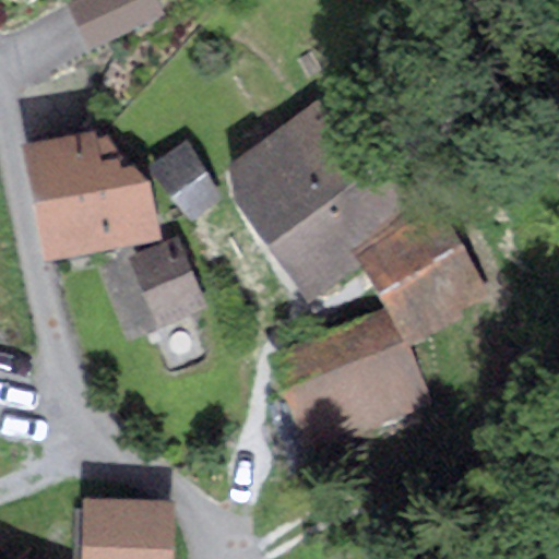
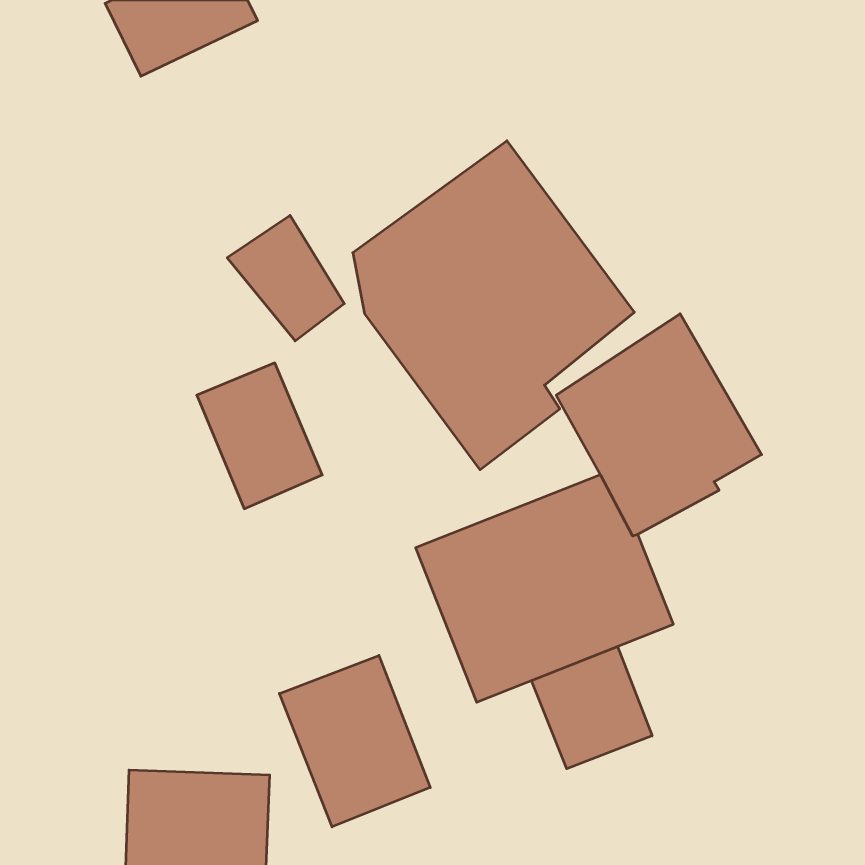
building: [22,130,160,262] -> none
building: none -> [532,646,652,769]
building: none -> [279,655,430,827]

